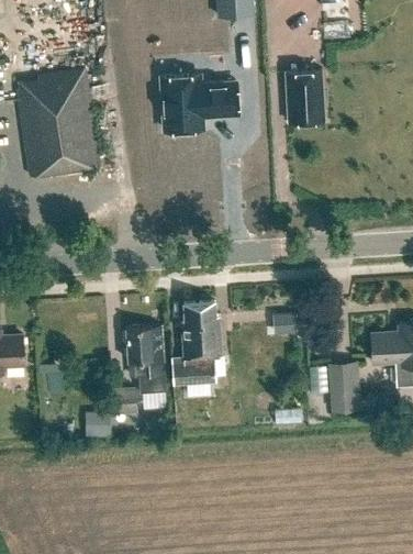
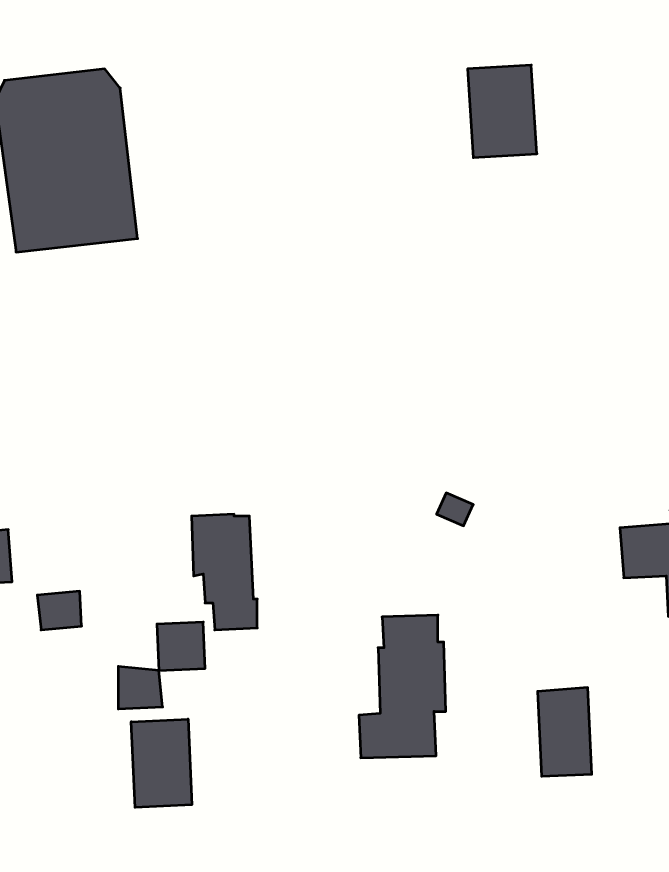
building: [160,76,237,131] -> none
building: [172,301,222,383] -> [359,615,446,758]
building: [330,362,360,412] -> [538,688,592,776]
building: none -> [131,719,192,807]

